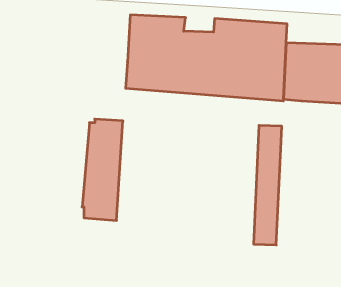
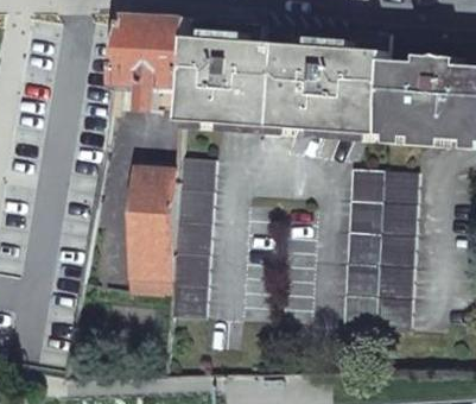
building: none -> [103,13,185,125]
building: none -> [165,158,211,321]
building: none -> [375,171,411,329]

